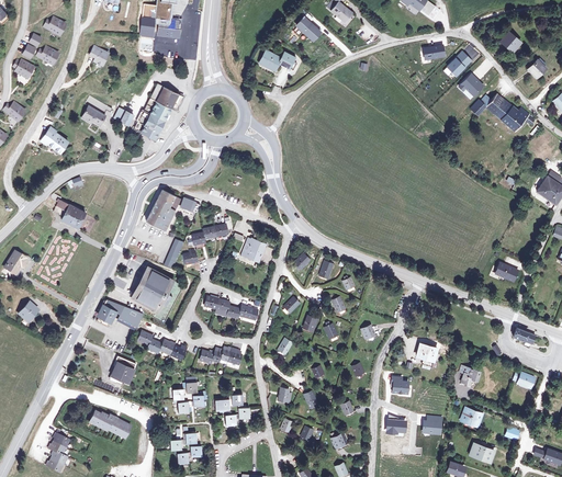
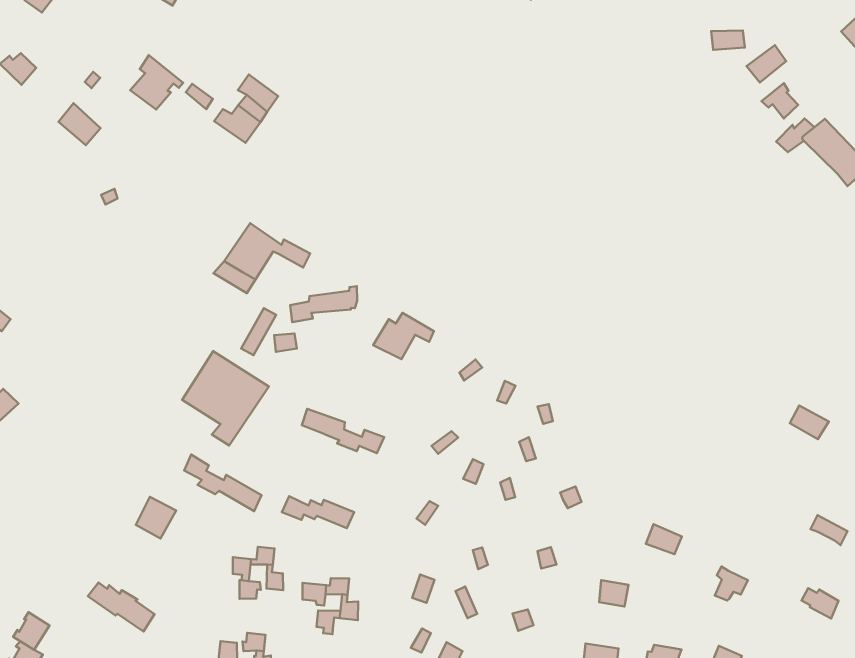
building: [260,50,297,71] -> none
building: [150,88,184,114] -> none
building: [53,195,86,228] -> none
building: [97,300,143,328] -> none

